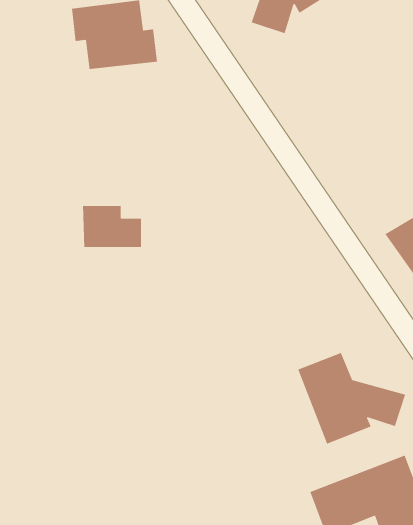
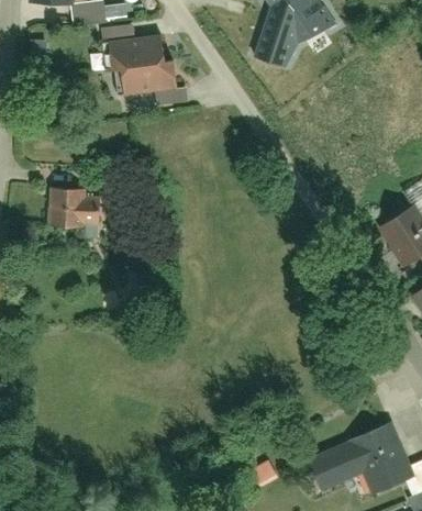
building: [82,205,142,247] -> [49,187,101,223]
building: [297,352,406,445] -> none

